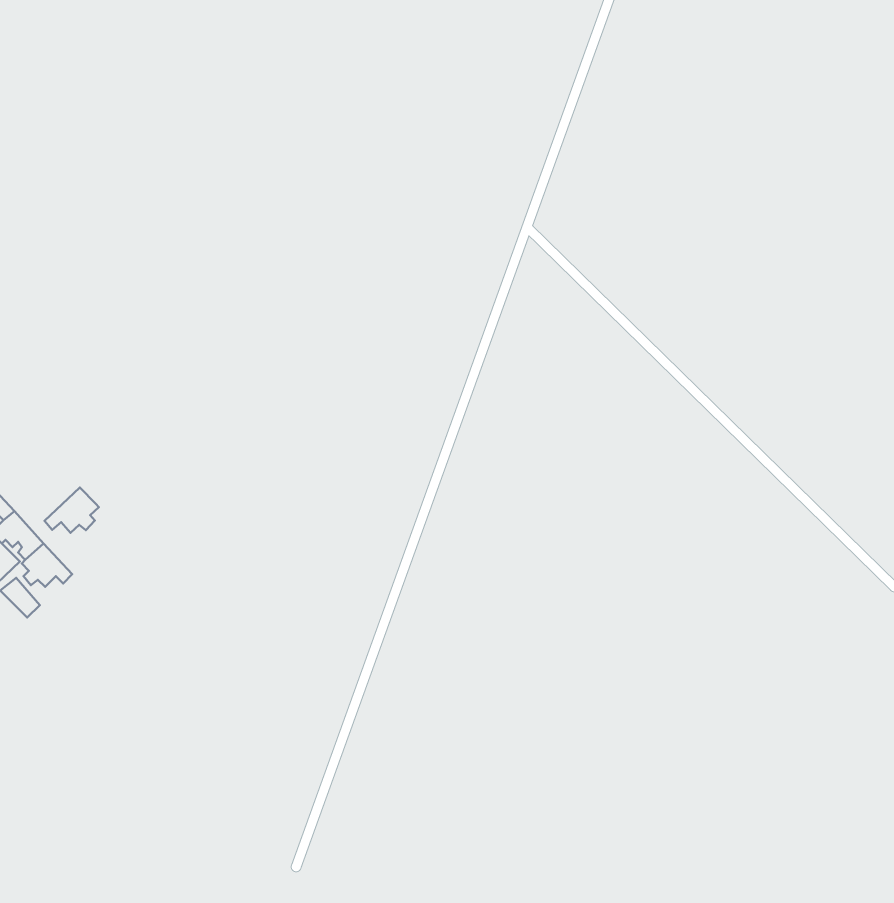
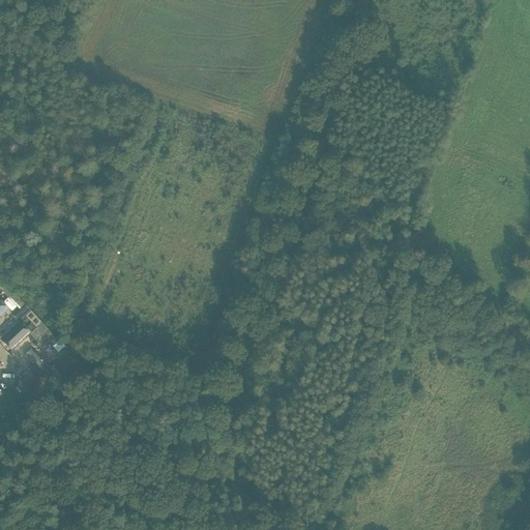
building: [44,488,99,533] -> none

